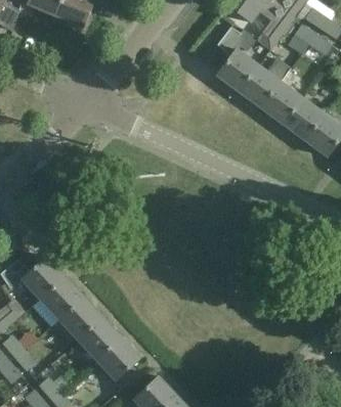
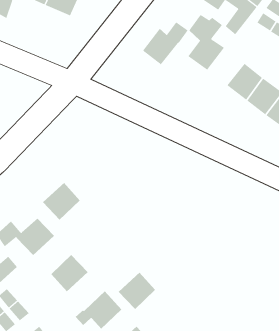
building: [239,57,291,106] -> [142,22,188,65]
building: [42,276,85,319] -> [42,182,80,220]
building: [80,317,123,360] -> [118,272,156,310]

